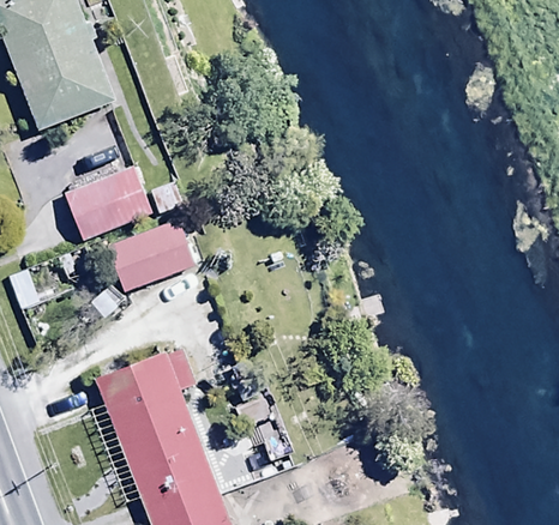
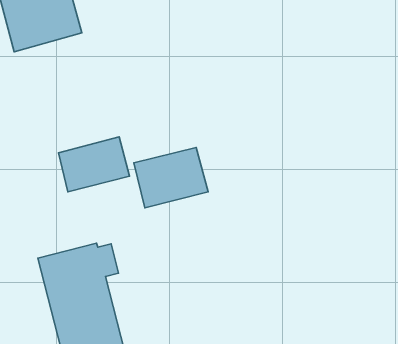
building: [65,169,151,240] -> none
building: none -> [134,147,208,208]

